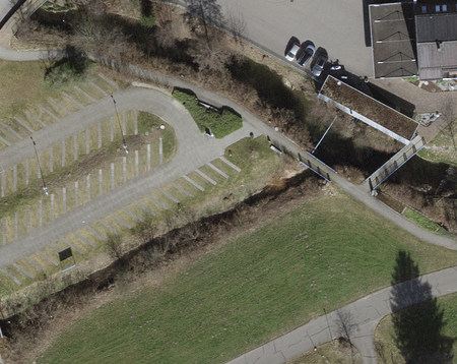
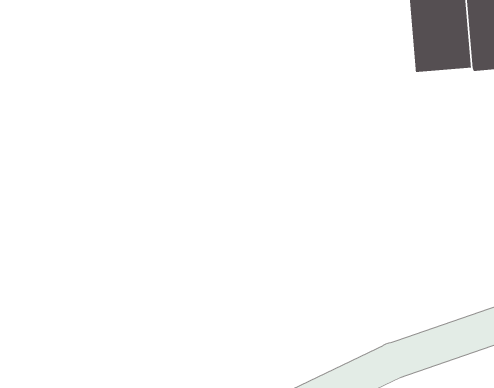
building: [319,75,419,141] -> none

